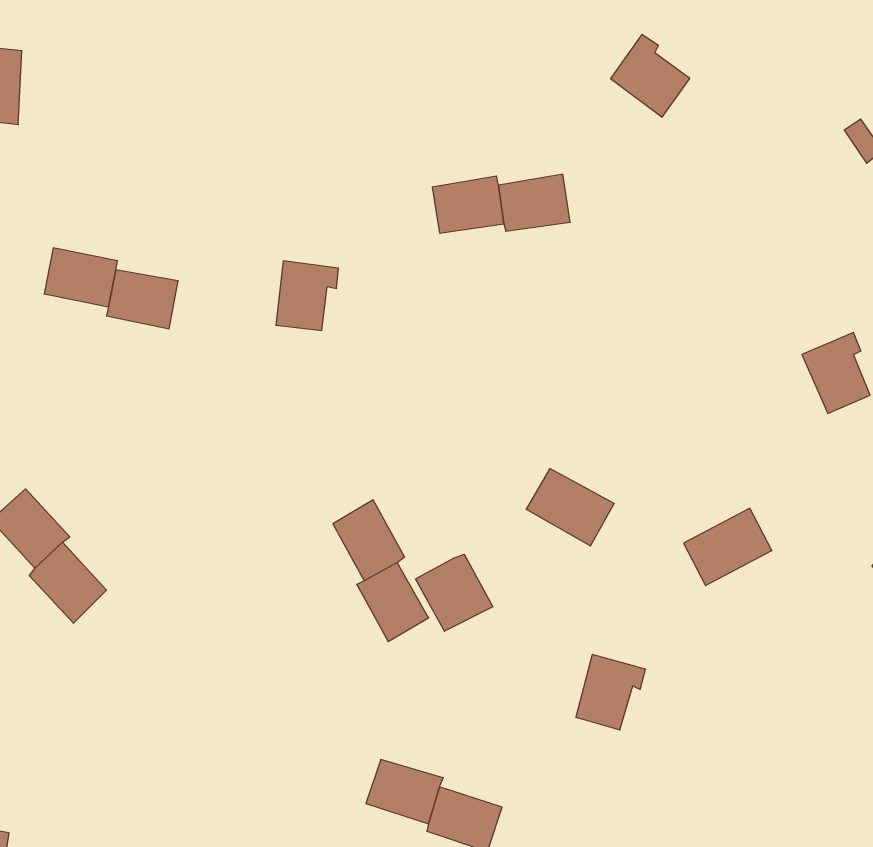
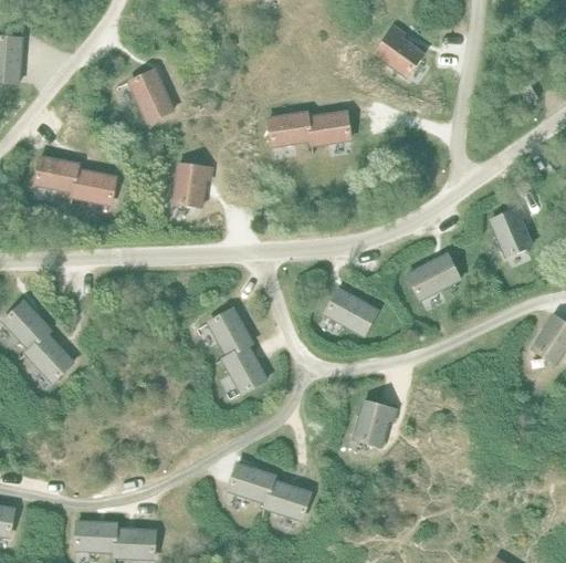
building: none -> [128,70,172,122]
building: [684,508,772,586] -> [407,253,460,300]
building: [416,554,493,631] -> none

